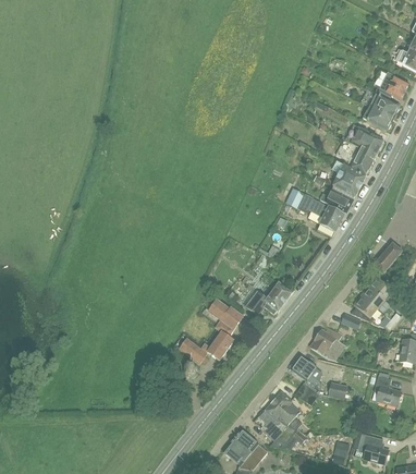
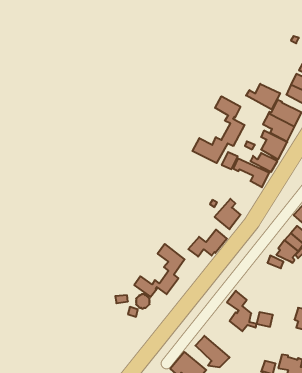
building: none -> [246,84,280,109]
building: none -> [192,96,245,163]
building: none -> [215,199,241,229]
building: [310,327,342,355] -> none
building: [265,391,306,442] -> none

